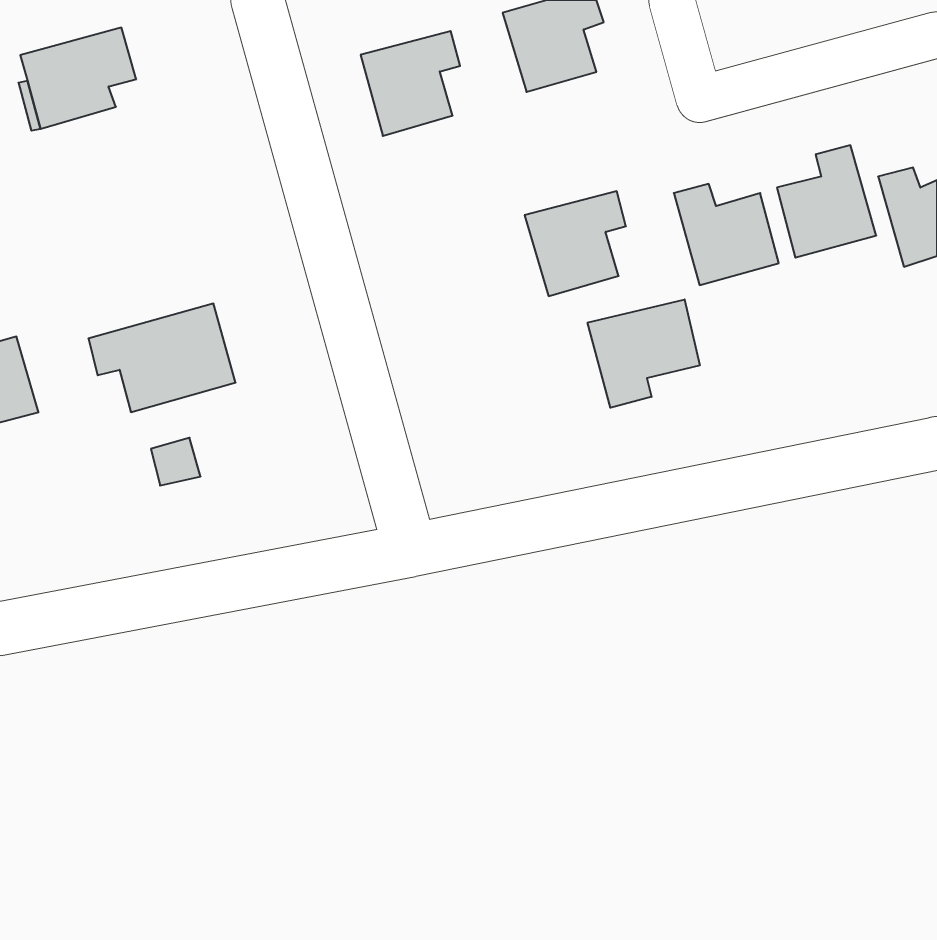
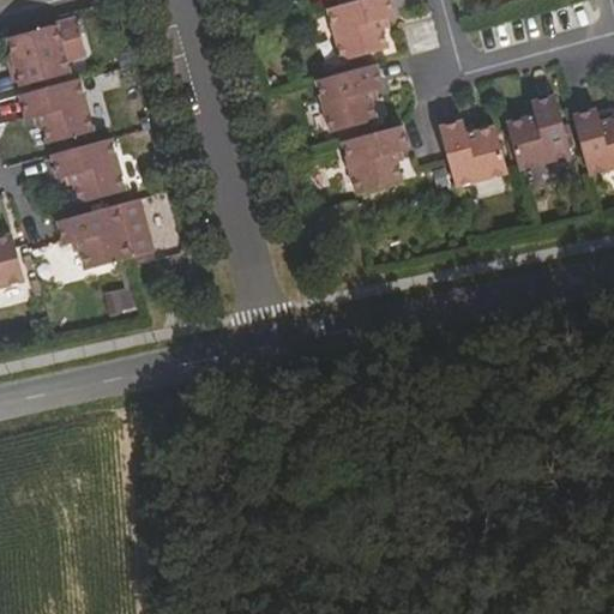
building: [361,31,460,136] -> [317,64,381,132]
building: none -> [19,78,94,143]
building: none -> [52,145,120,205]
building: [588,299,700,408] -> none

